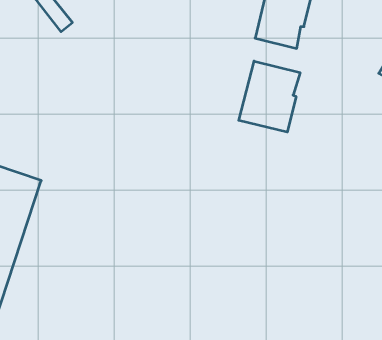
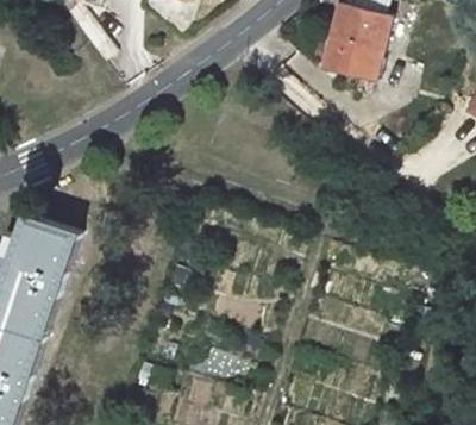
building: [239,61,300,132] -> none

